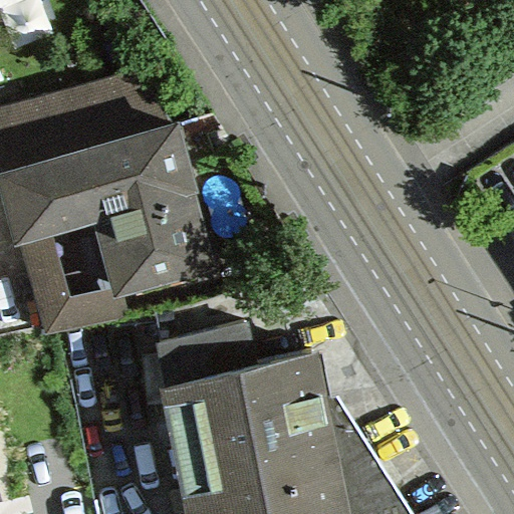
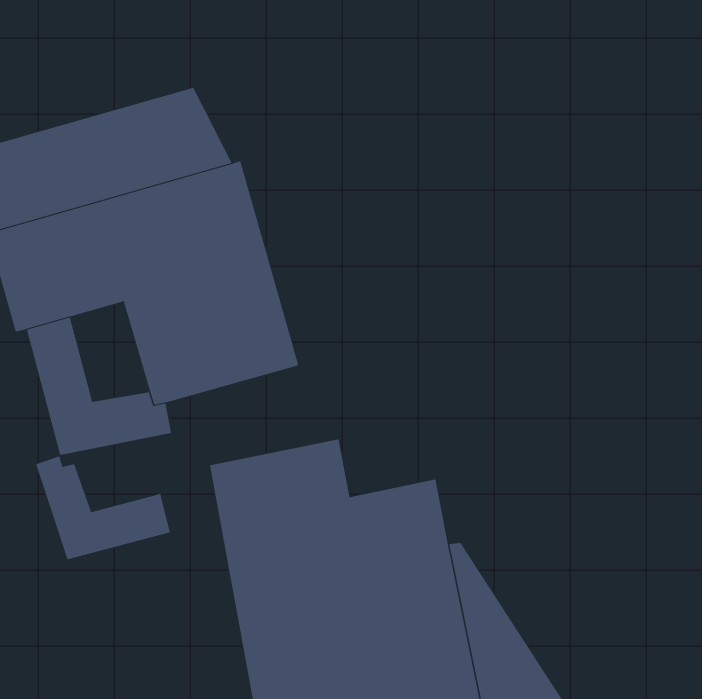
building: none -> [36,455,170,560]

